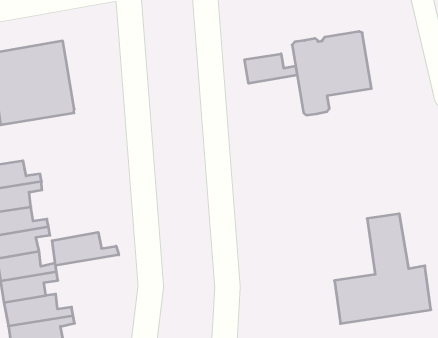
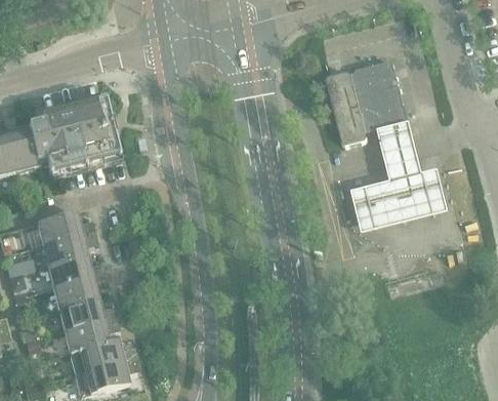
building: [245,54,297,83] -> none
building: [334,214,431,324] -> [350,120,446,231]
building: [52,232,119,266] -> none

